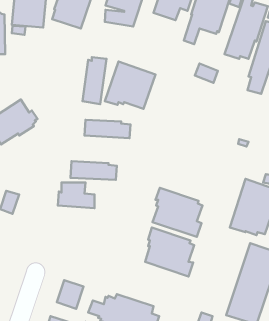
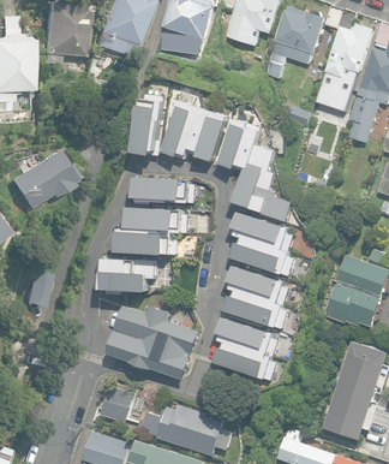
building: none -> [219,119,291,221]
building: none -> [127,207,187,231]
building: none -> [231,212,295,276]
building: none -> [108,304,199,380]

